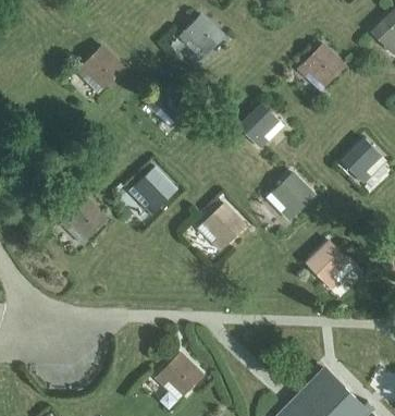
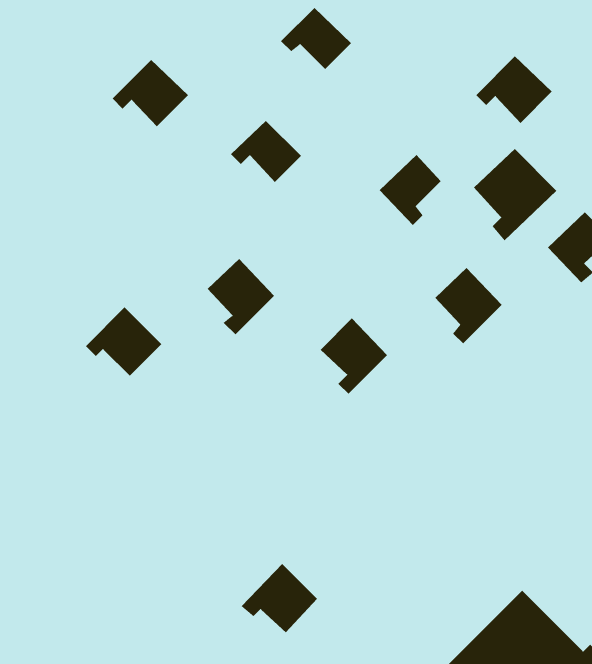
building: none -> [473,148,557,241]
building: [306,242,347,289] -> none

